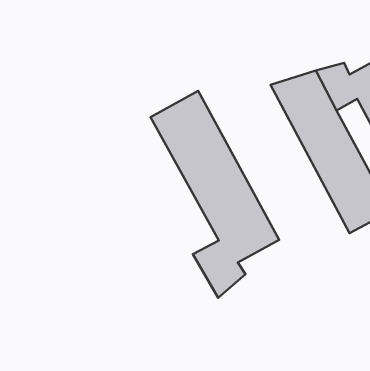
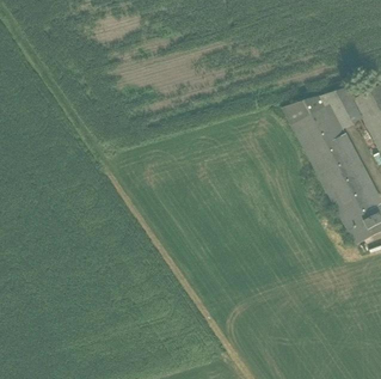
building: [151,91,279,298] -> none

